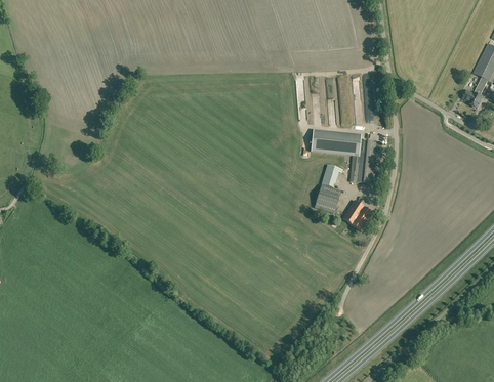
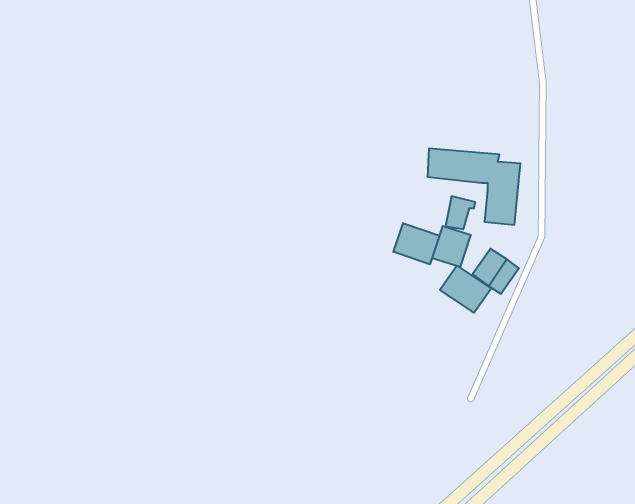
building: none -> [393,223,439,264]
building: none -> [440,266,491,313]

